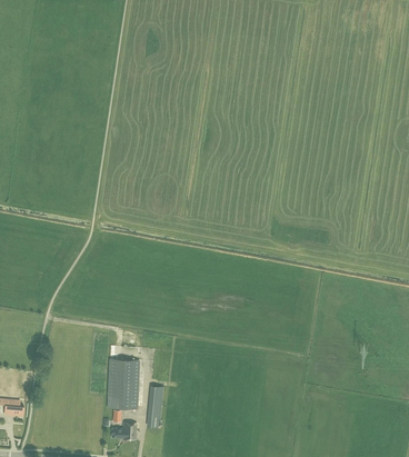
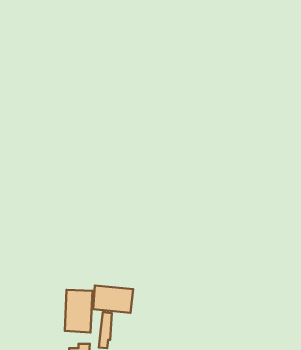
building: none -> [93,285,133,313]

